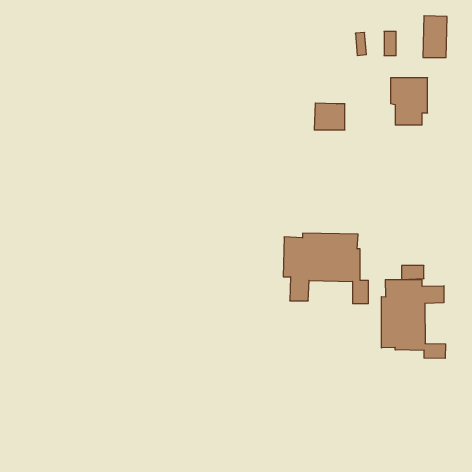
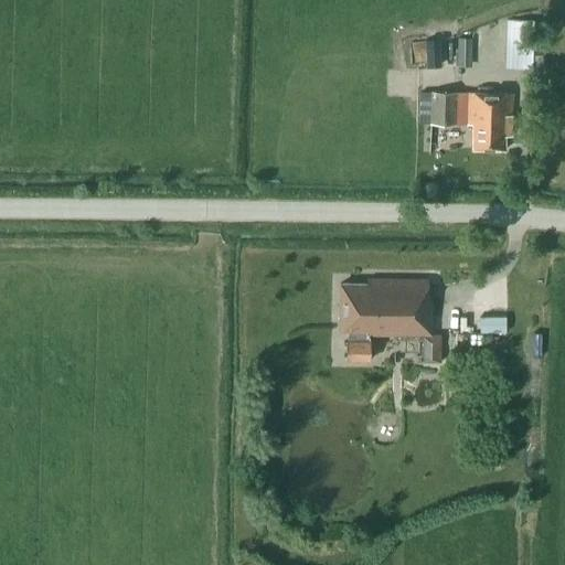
building: [314,103,345,130] -> [429,93,466,125]
building: [382,279,446,358] -> none

